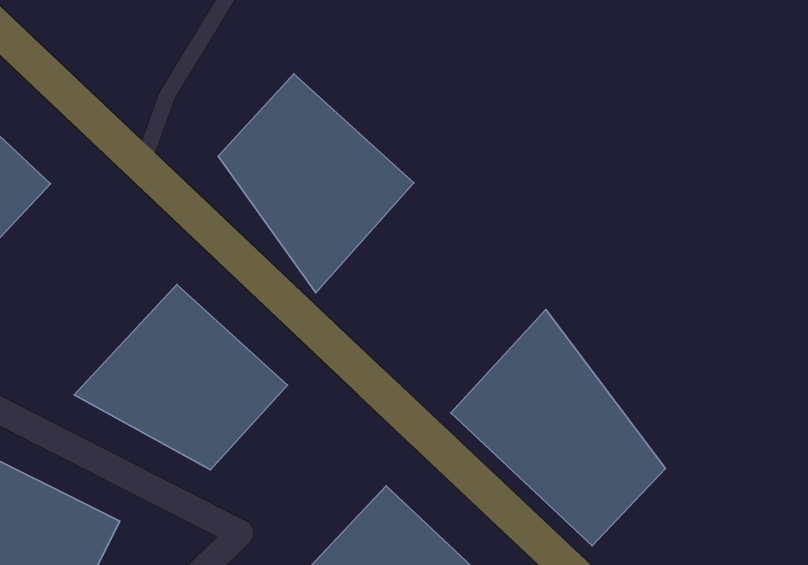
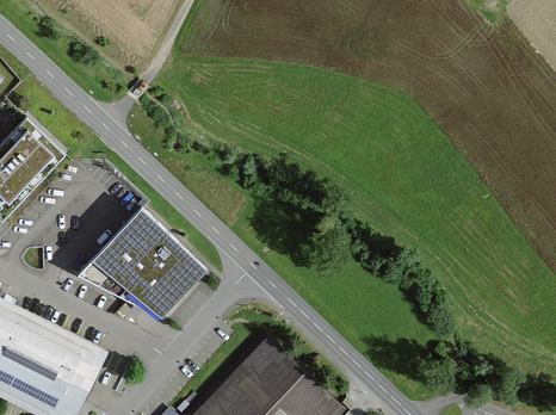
building: [218,74,414,293] -> none
building: [451,309,665,546] -> none

